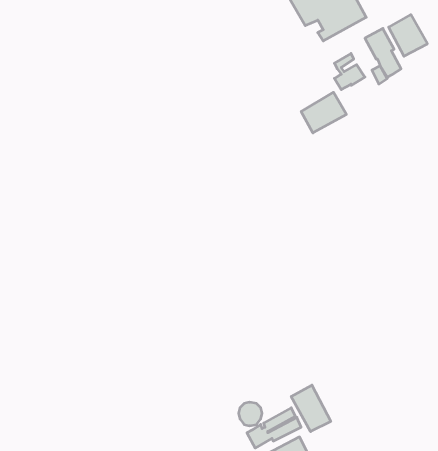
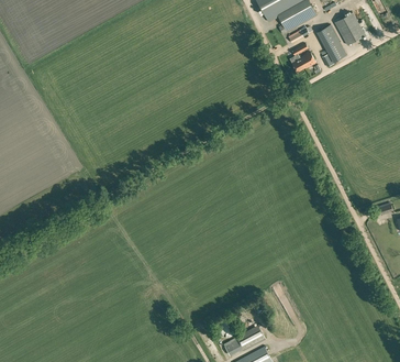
building: [301,92,346,133] -> none
building: [291,385,331,432] -> none

